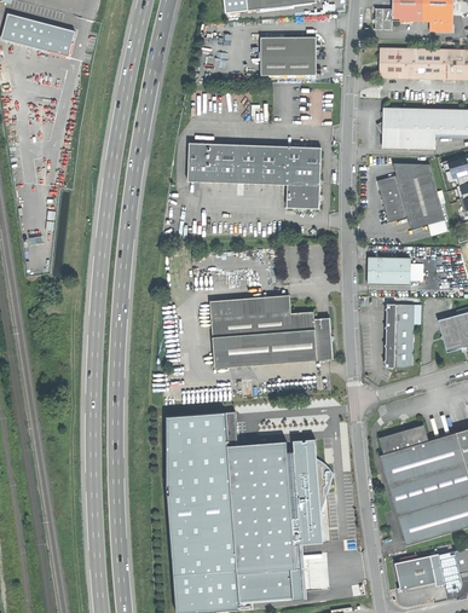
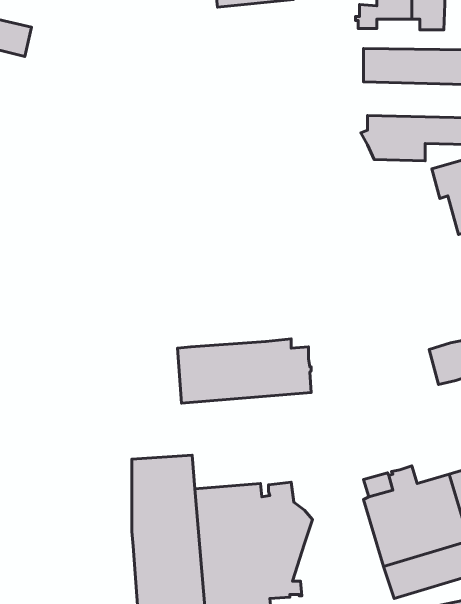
building: [260,37,316,76] -> none
building: [186,144,320,209] -> none
building: [376,164,449,236] -> none
building: [366,258,410,285] -> none
building: [209,295,290,318] -> none
building: [385,303,414,368] -> none

